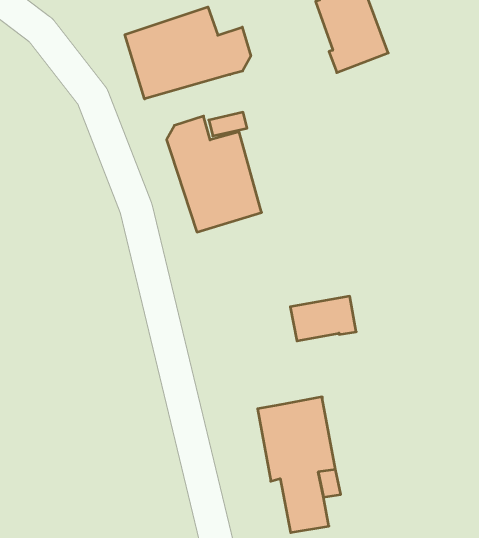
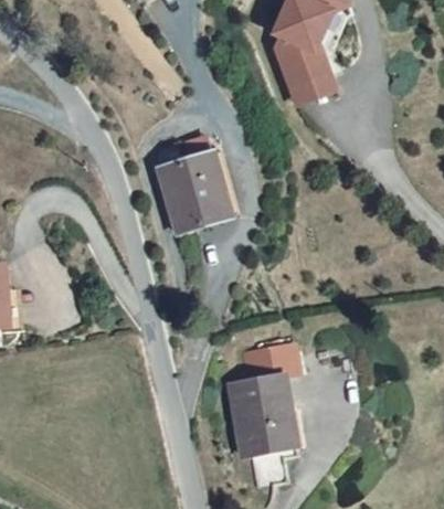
building: [125,7,251,99] -> none
building: [290,296,356,341] -> [241,340,296,378]

